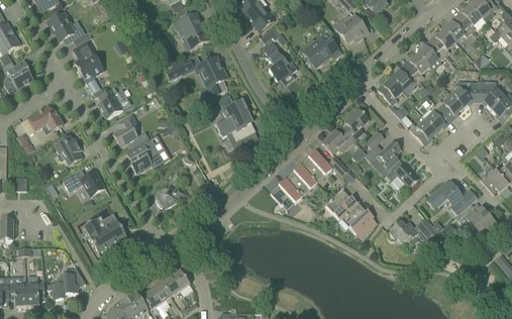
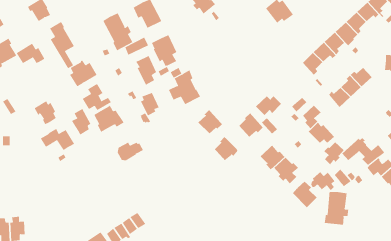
building: none -> [102,12,133,51]
building: [298,35,340,68] -> none
building: [262,39,297,81] -> none
building: none -> [136,55,157,86]
building: [451,81,478,107] -> none
building: [27,105,63,130] -> [16,43,45,64]
building: [343,108,369,139] -> none
building: none -> [140,92,159,116]
building: none -> [71,108,91,135]
building: [286,164,316,194] -> [198,109,223,134]
building: none -> [323,141,344,165]
building: [84,213,126,252] -> none
building: none -> [292,181,317,208]
building: none -> [324,191,349,226]
building: [46,268,85,299] -> none

